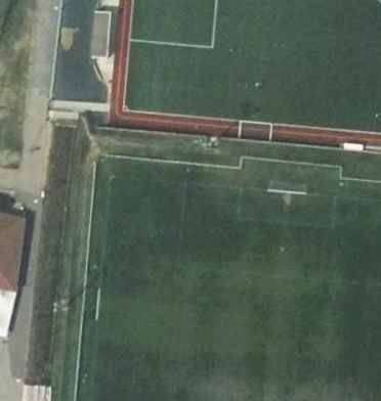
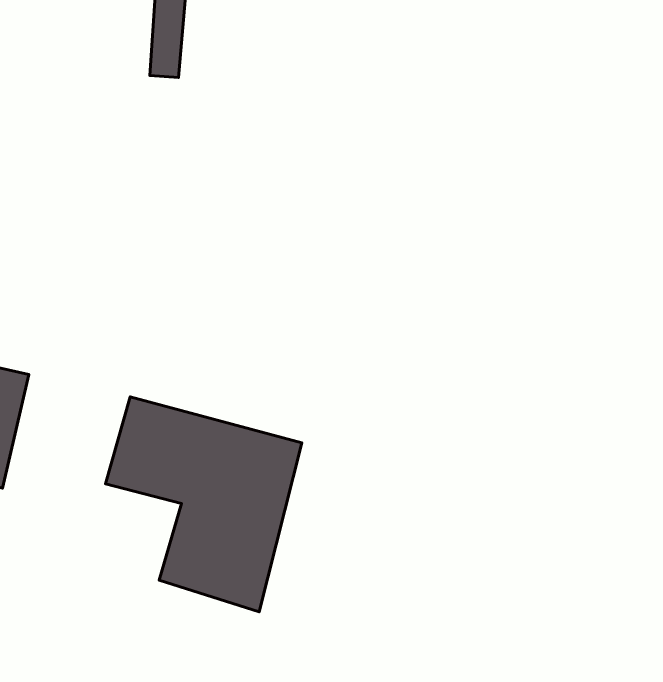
building: none -> [106,397,302,612]

